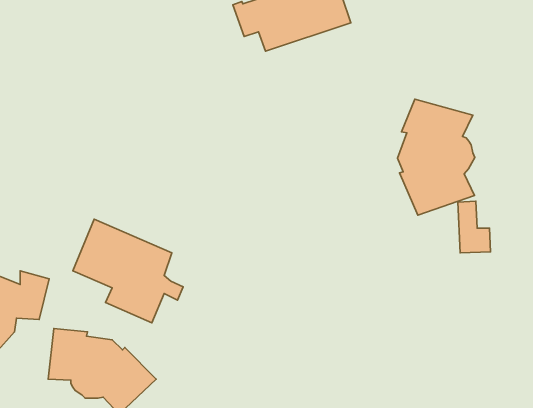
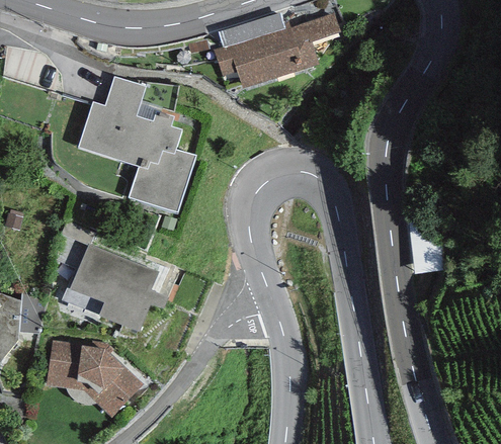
building: none -> [77,75,196,214]
building: [397,99,475,215] -> none

